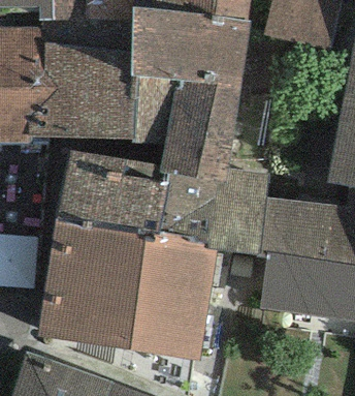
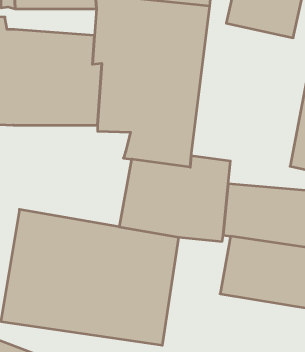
building: [56,149,168,239] -> none

